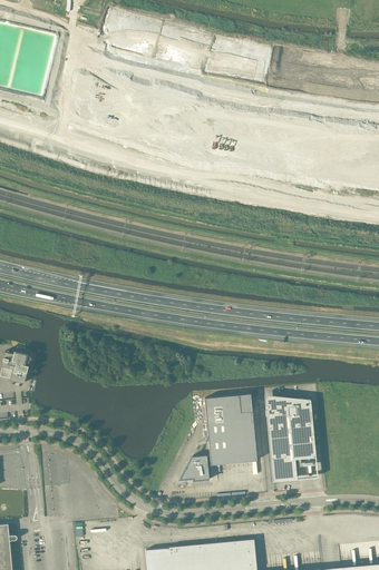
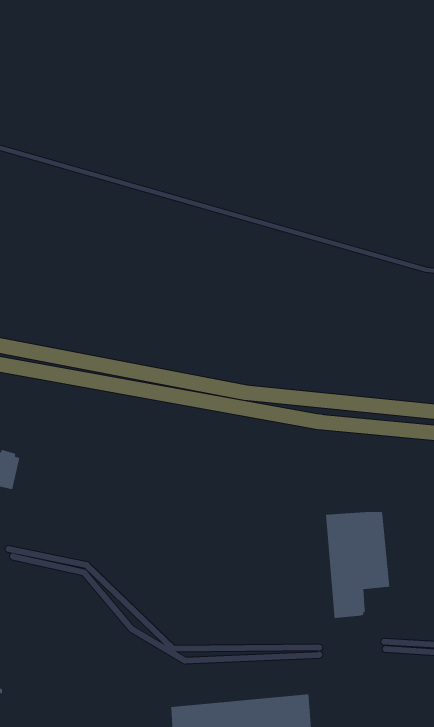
building: [179,394,257,482] -> none

